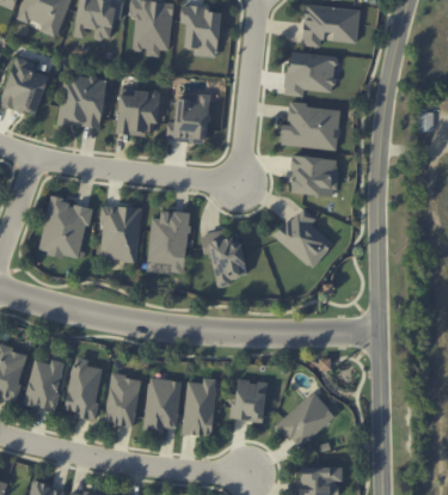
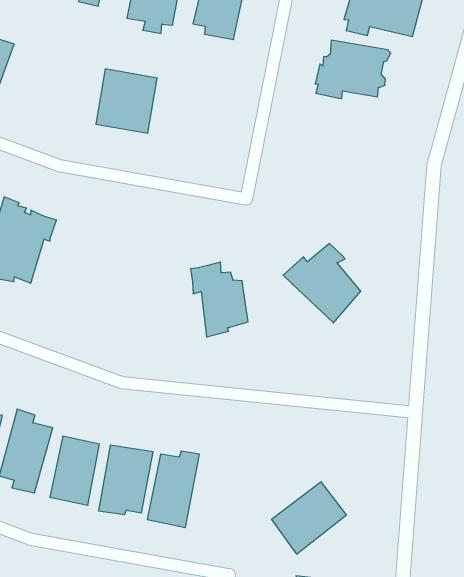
building: [57,73,106,129] -> none
building: [173,94,210,142] -> none
building: [280,102,340,151] -> none
building: [288,154,339,198] -> none
building: [100,204,141,263] -> none
building: [146,210,190,273] -> none
building: [232,379,268,422] -> none

